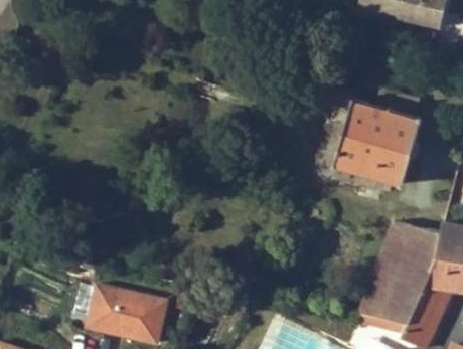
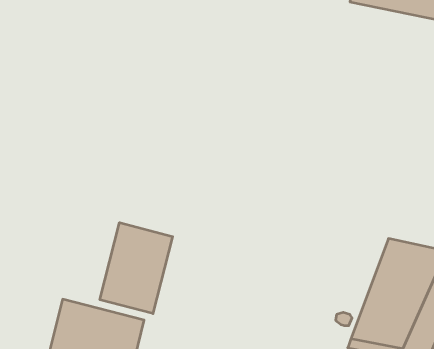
building: [334,101,422,186] -> none
building: none -> [100,223,173,314]

